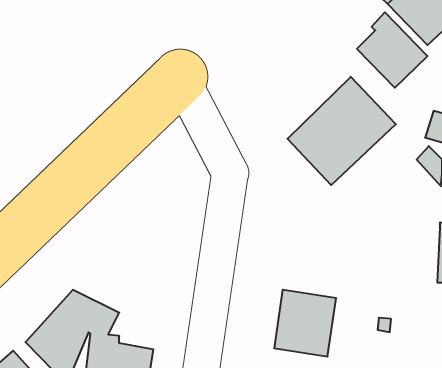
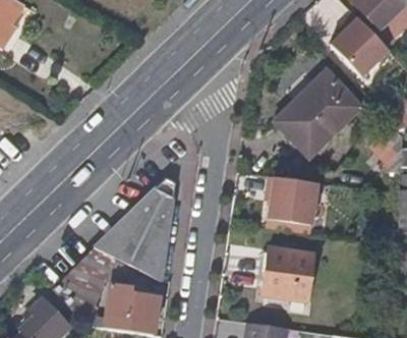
building: none -> [267,176,317,224]
building: none -> [94,187,174,281]

